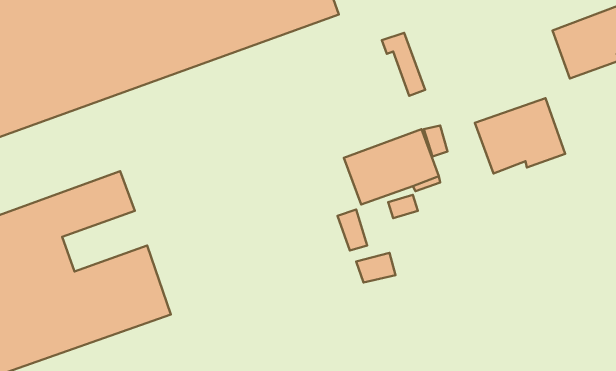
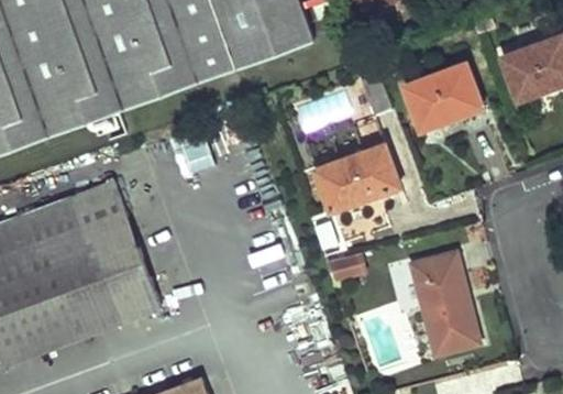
building: [475,98,565,174] -> [404,62,484,129]
building: none -> [64,216,140,270]
building: none -> [411,253,478,353]

